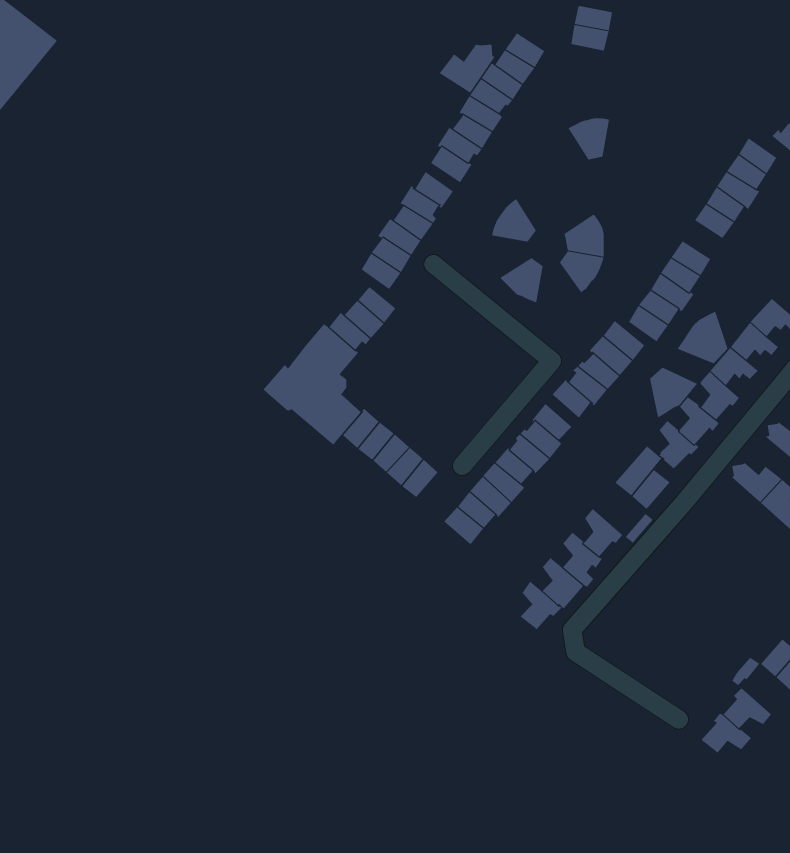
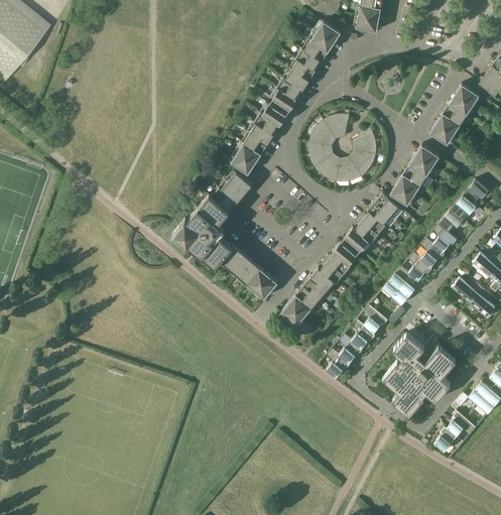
building: [439,44,495,94] -> none
building: [568,118,610,160] -> [324,114,349,139]
building: none -> [308,142,333,167]
building: none -> [336,158,362,182]
building: [677,311,728,364] -> none
building: [650,367,698,419] -> none
building: none -> [382,333,456,415]

